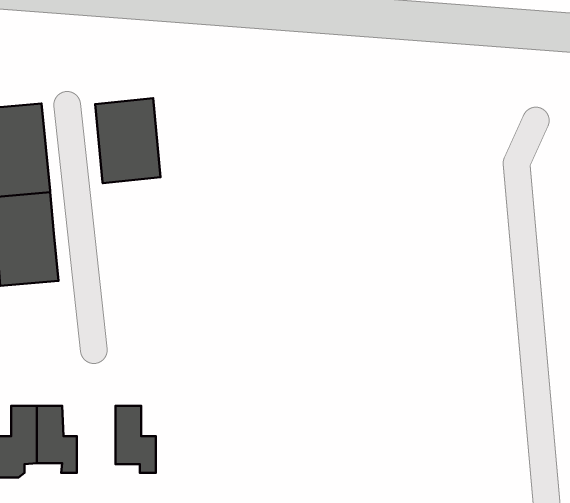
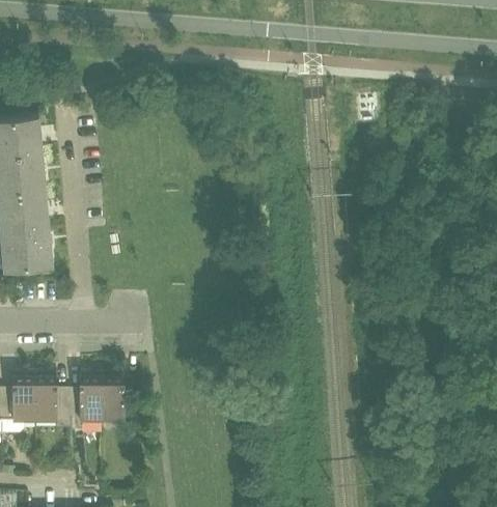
building: [95,98,161,183] -> none
building: none -> [67,373,101,430]

